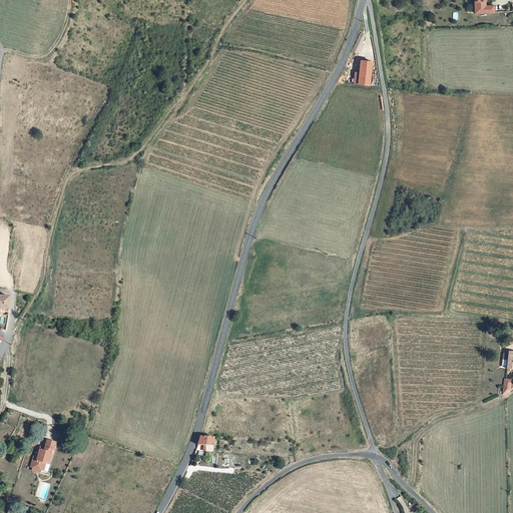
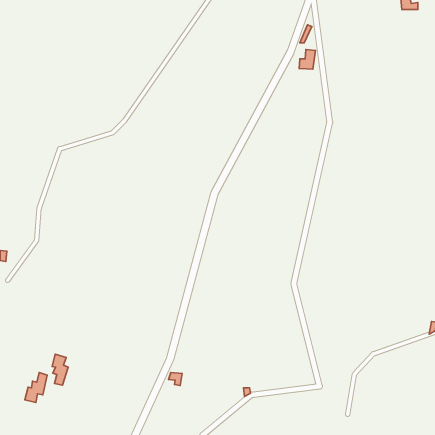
building: none -> [52,354,68,385]

